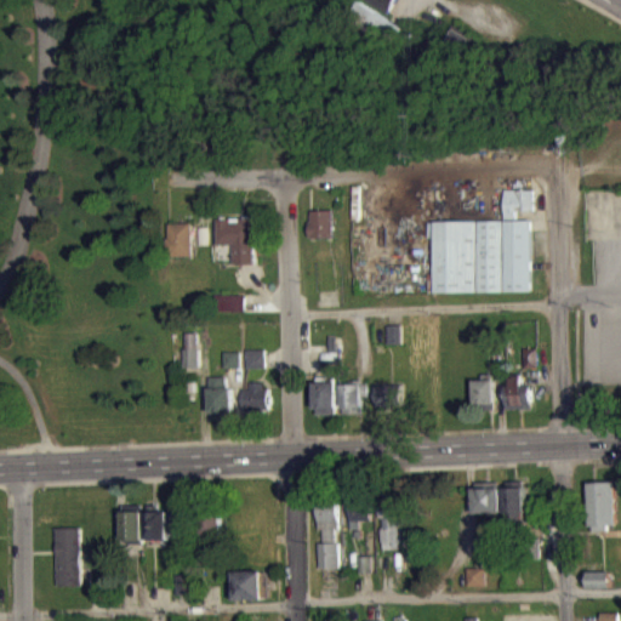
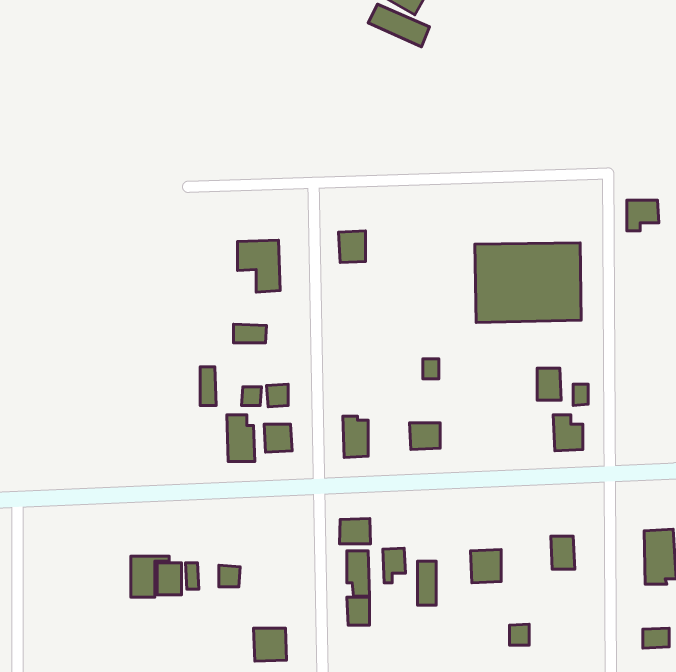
building: [501,190,530,218] -> [627,200,659,231]
building: [166,223,192,257] -> none
building: [472,380,494,409] -> [537,368,561,400]
building: [340,384,361,415] -> none
building: none -> [339,518,371,544]
building: [469,484,497,514] -> [470,550,501,583]
building: [53,528,79,587] -> none

